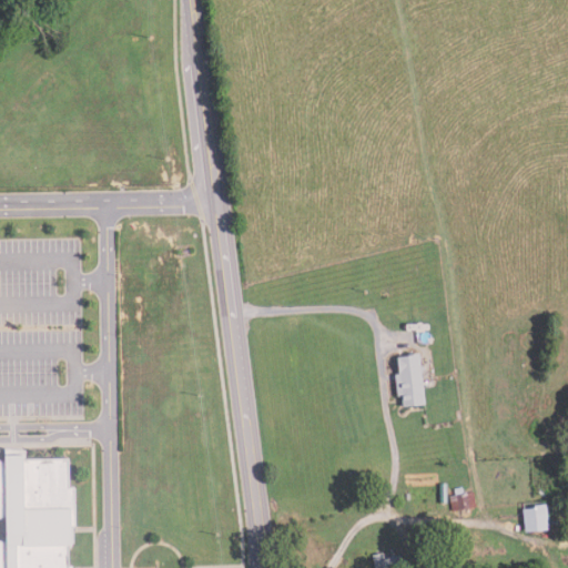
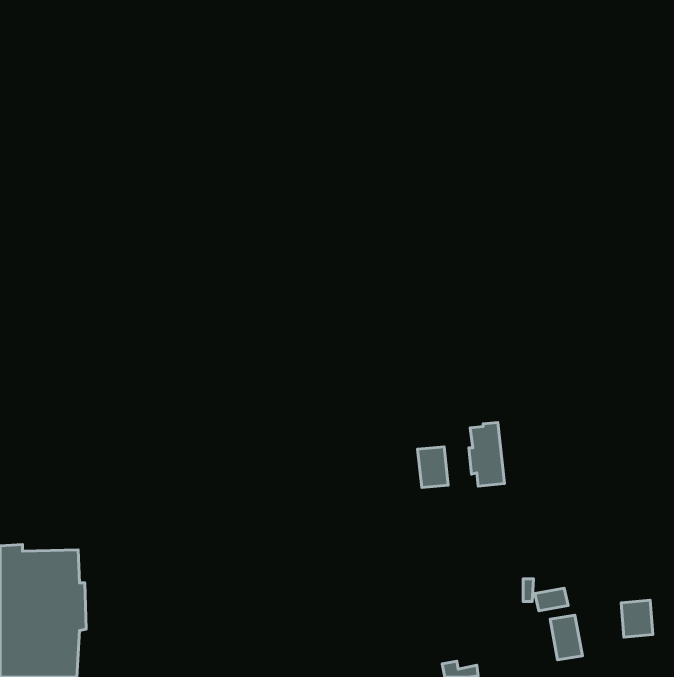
building: none -> [418,447,448,487]
building: none -> [550,615,582,660]

